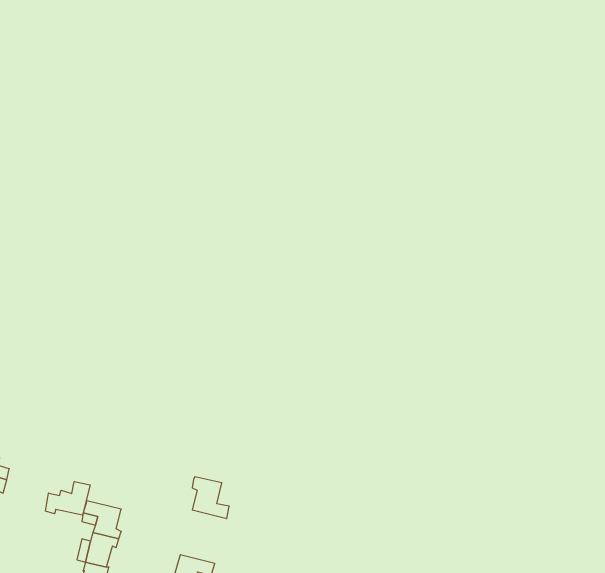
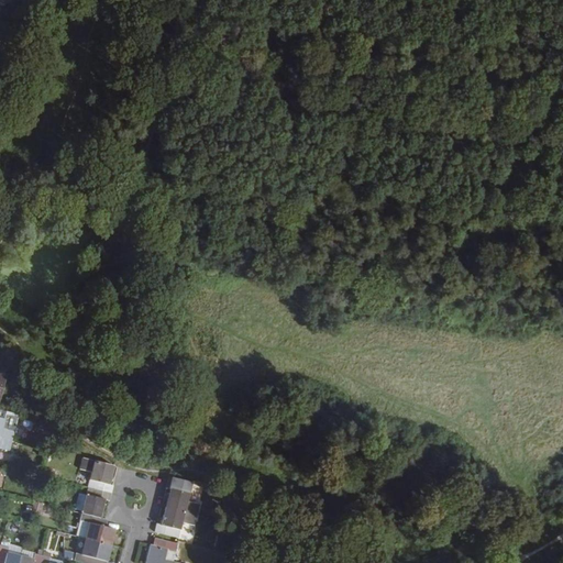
building: [192,477,229,519] -> [167,476,200,514]
building: [46,482,90,515] -> none

